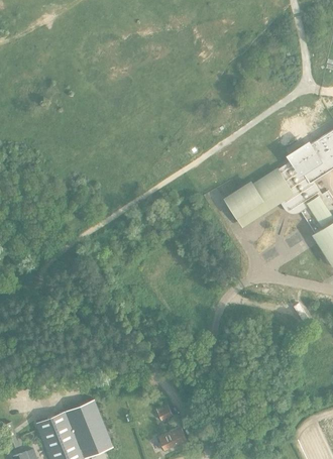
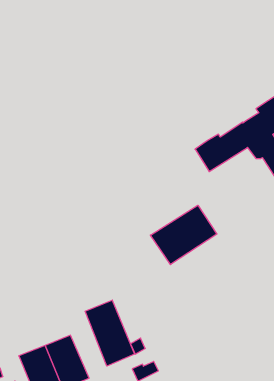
building: none -> [150,205,217,265]
building: none -> [85,300,135,366]

